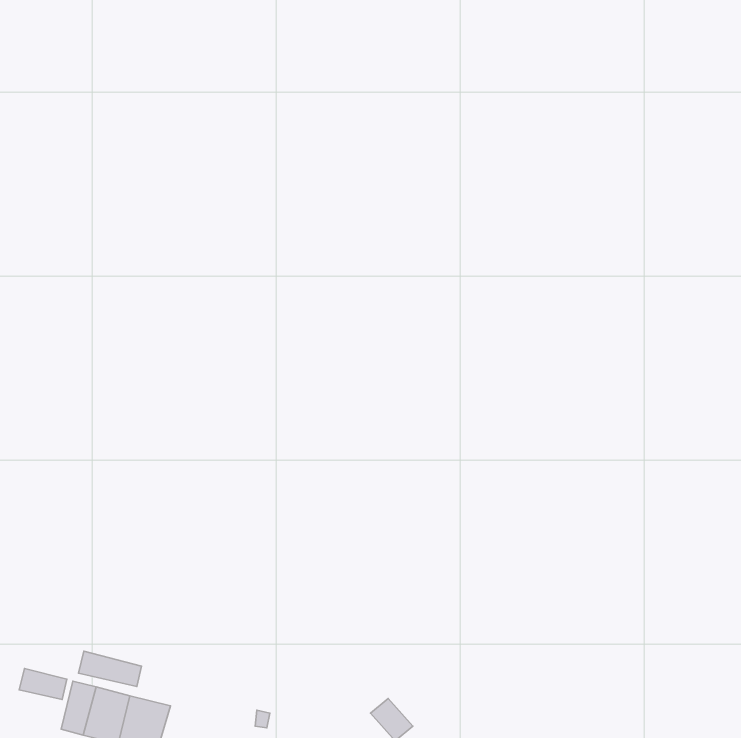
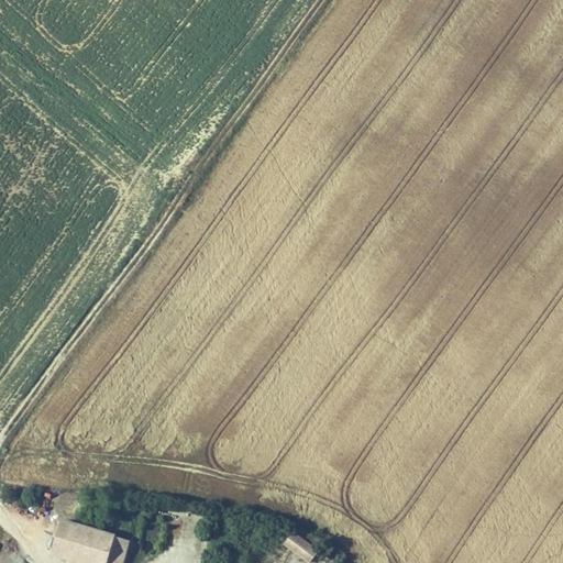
building: [79,651,142,687] -> none
building: [19,668,67,699] -> none

